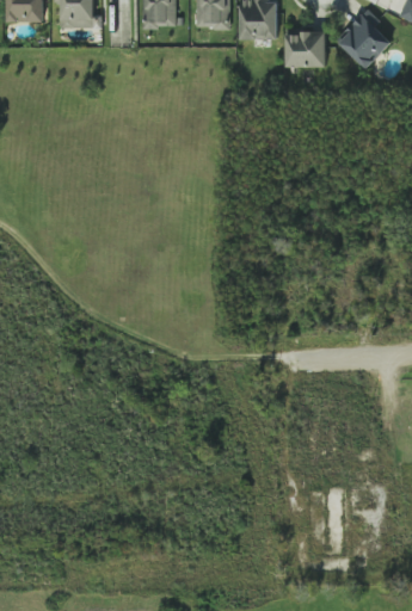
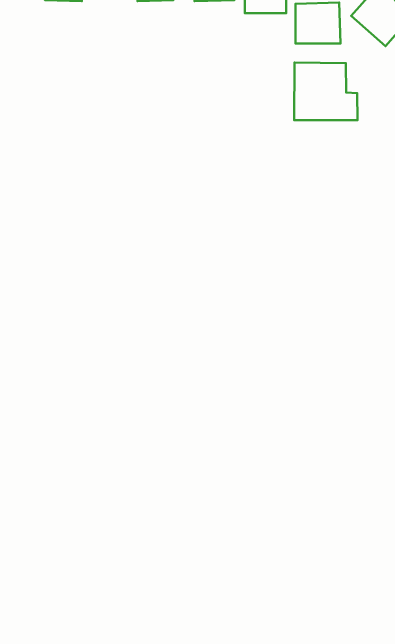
building: none -> [294,63,357,120]

